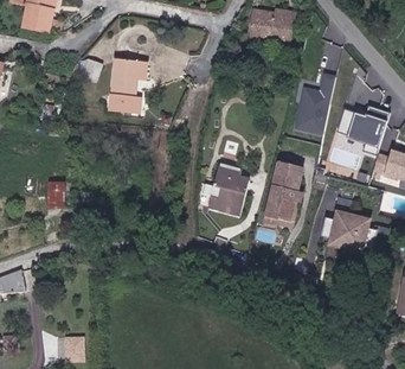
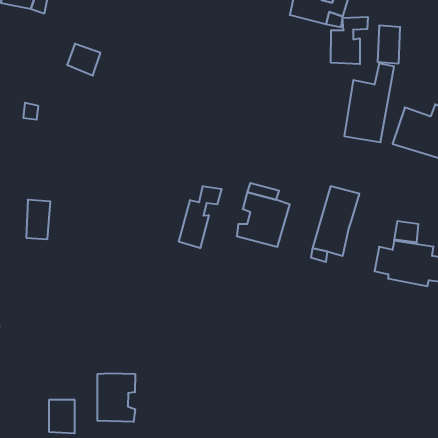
building: none -> [331,17,368,64]
building: [108,59,146,117] -> none
building: none -> [179,186,222,248]
building: none -> [98,373,135,422]

